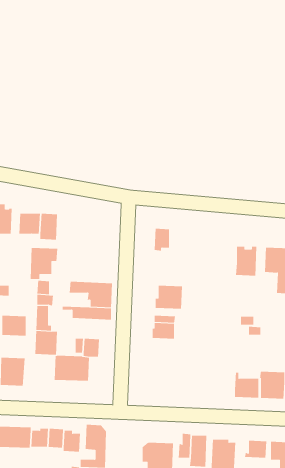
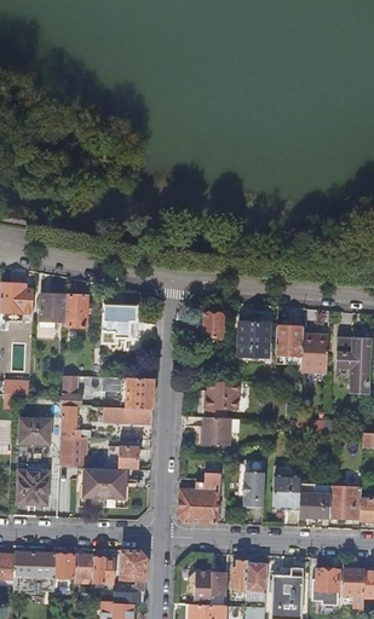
building: none -> [238,323,270,358]
building: none -> [276,326,303,355]
building: [30,248,58,280] -> [103,305,137,343]
building: none -> [243,470,265,507]
building: none -> [178,473,219,525]
building: none -> [272,475,301,509]

